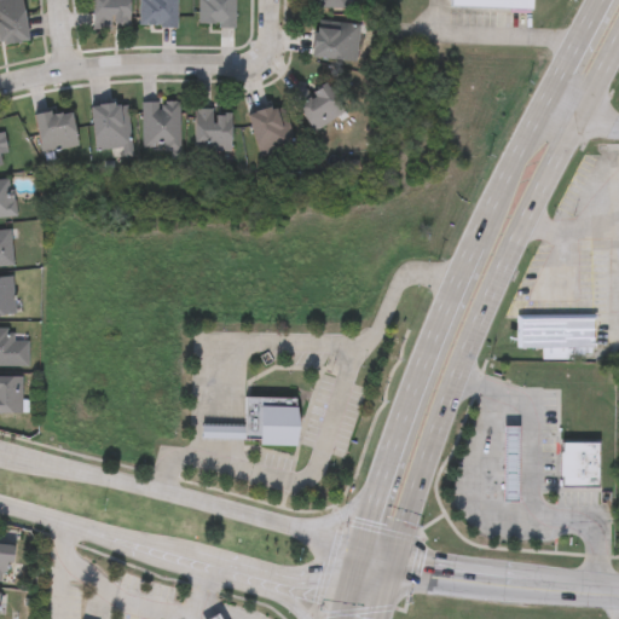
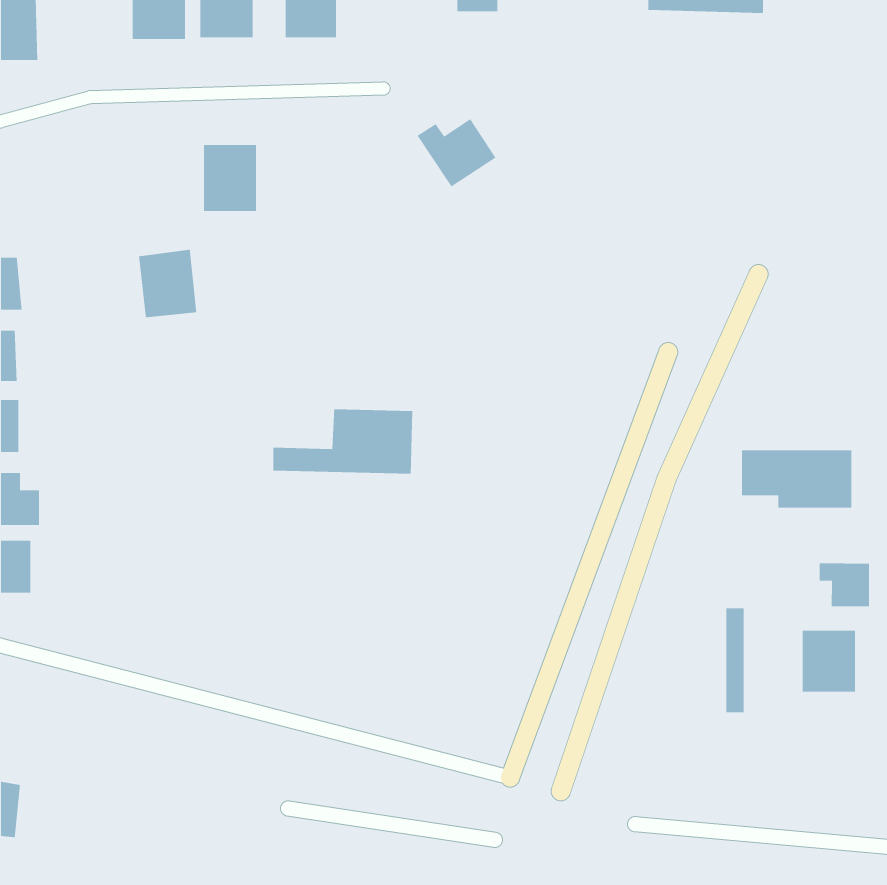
building: [312,19,359,62] -> none
building: [91,102,132,150] -> [138,249,197,318]
building: [35,108,77,152] -> none
building: [251,108,287,147] -> none
building: [195,109,232,150] -> none
building: none -> [819,563,870,607]
building: [202,398,300,444] -> [273,409,413,475]

